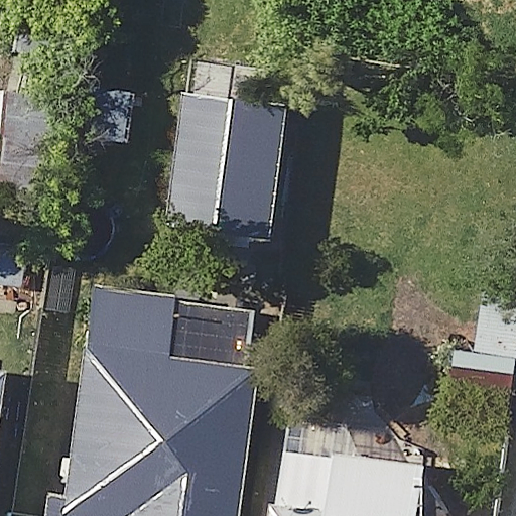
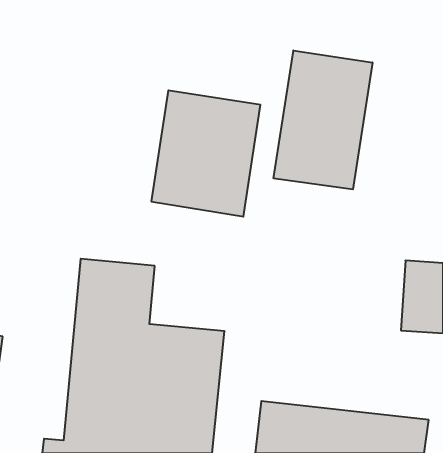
building: none -> [274,50,372,189]

